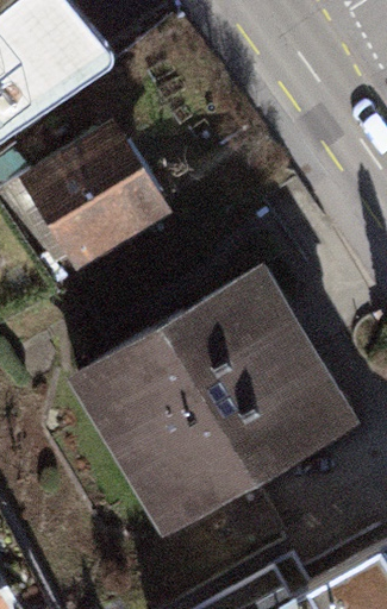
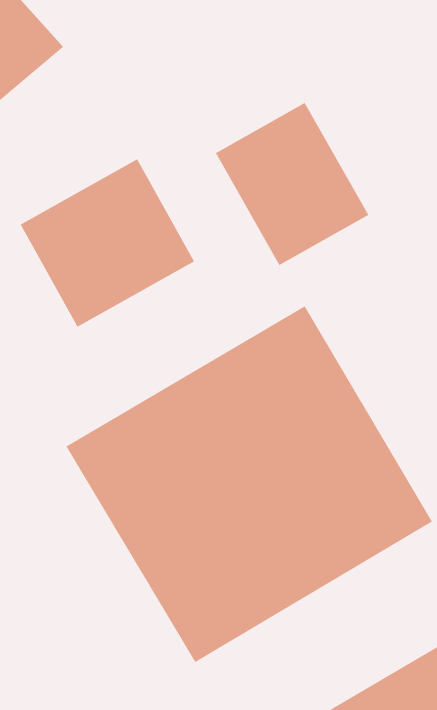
building: none -> [215,102,369,266]

